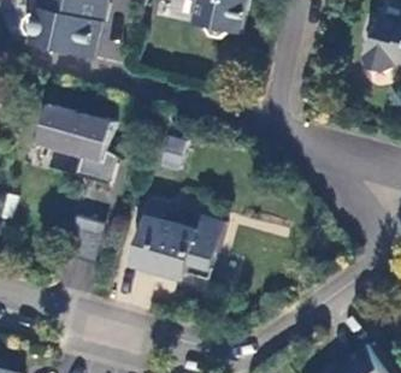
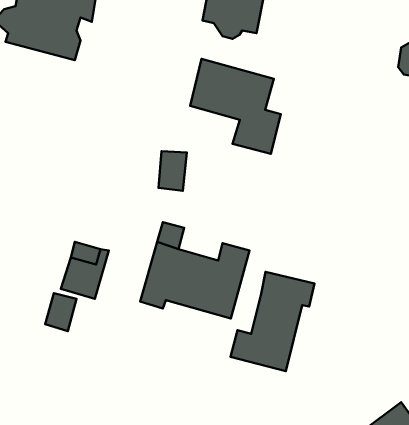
building: [52,99,129,179] -> [190,59,281,154]
building: none -> [230,272,314,371]

